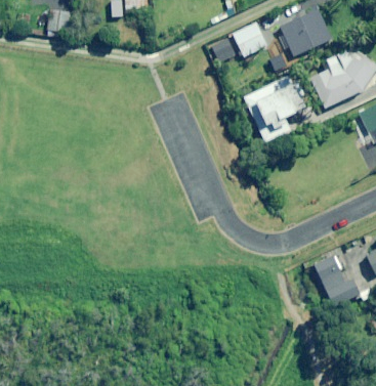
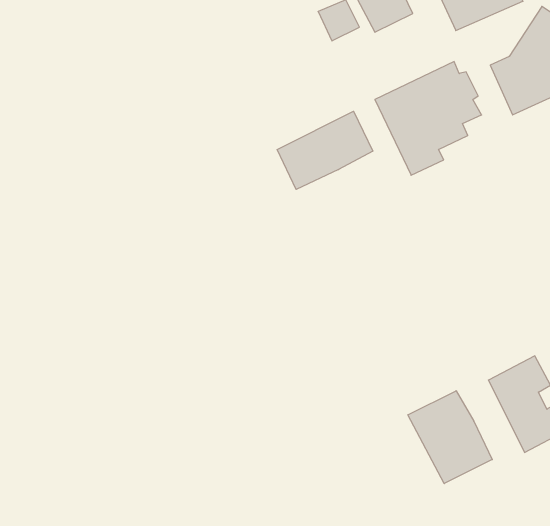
building: none -> [277,111,373,189]
building: none -> [408,391,492,484]

